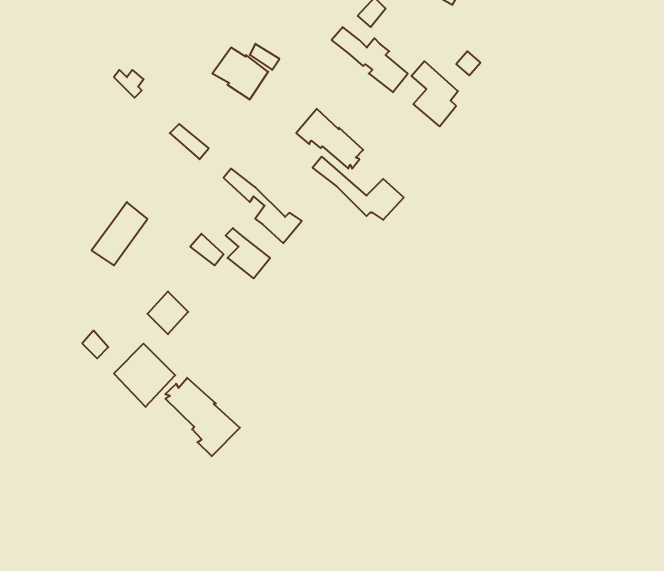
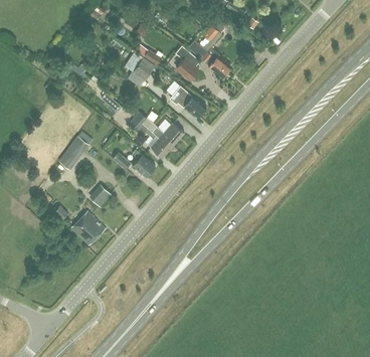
building: [411,61,458,126] -> [174,44,199,79]
building: [313,157,404,220] -> [134,111,183,145]
building: [165,378,240,456] -> none

